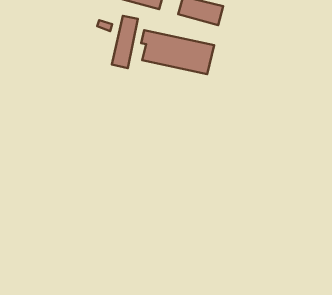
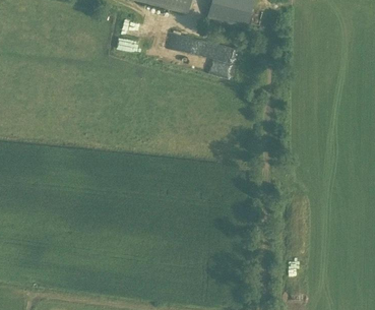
building: [112,16,138,68] -> none

